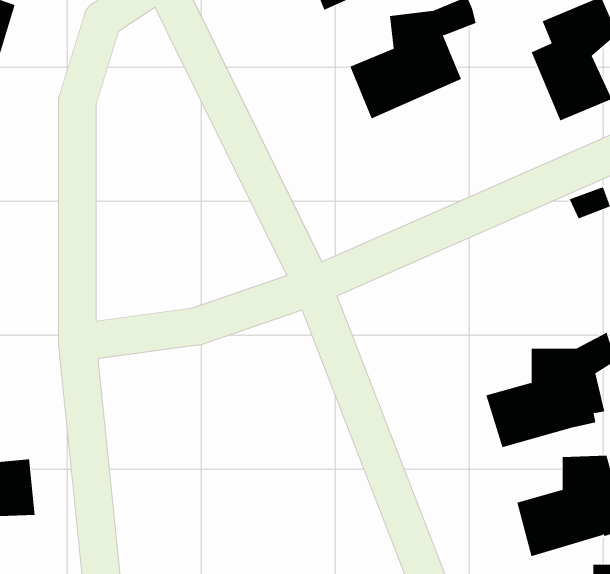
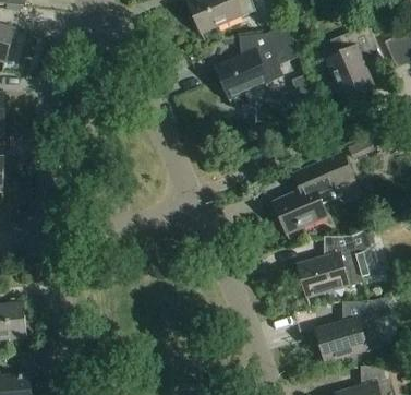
building: none -> [274,152,356,232]

